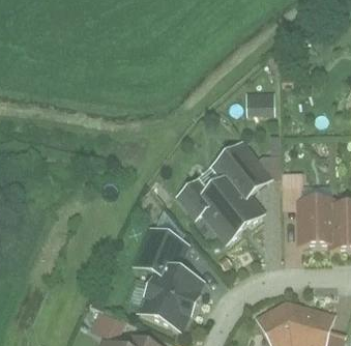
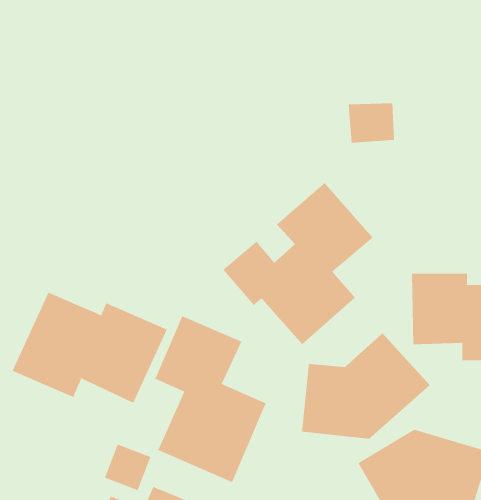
building: none -> [12,292,168,404]
building: none -> [301,332,431,439]

